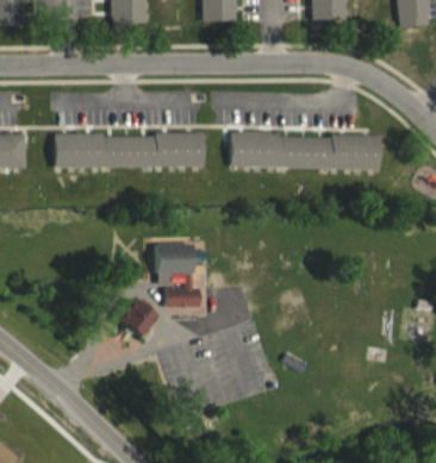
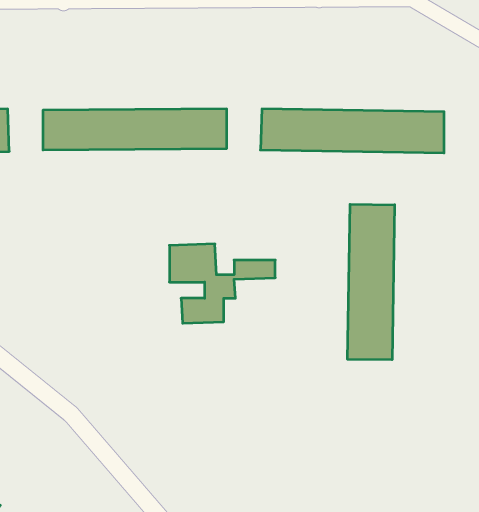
building: none -> [348,204,395,360]
building: [119,299,156,336] -> none

